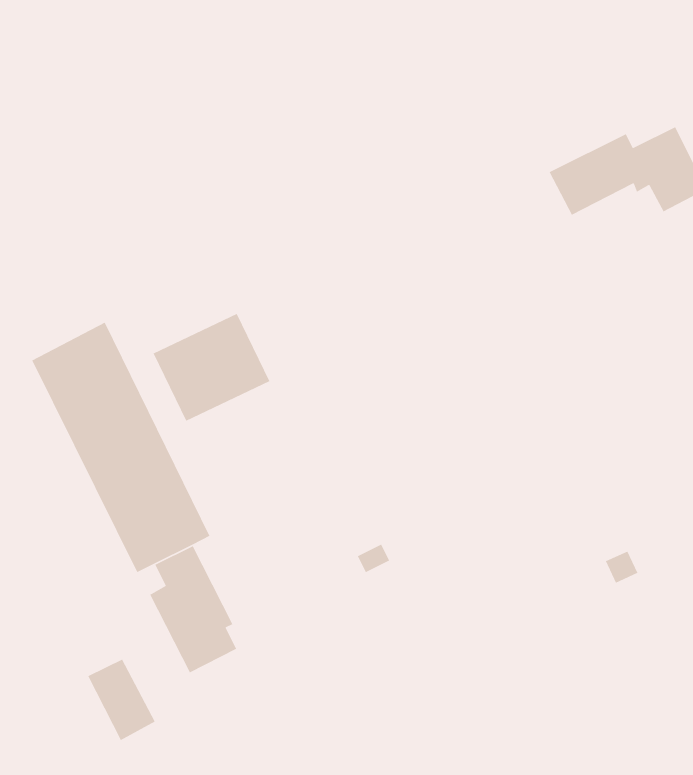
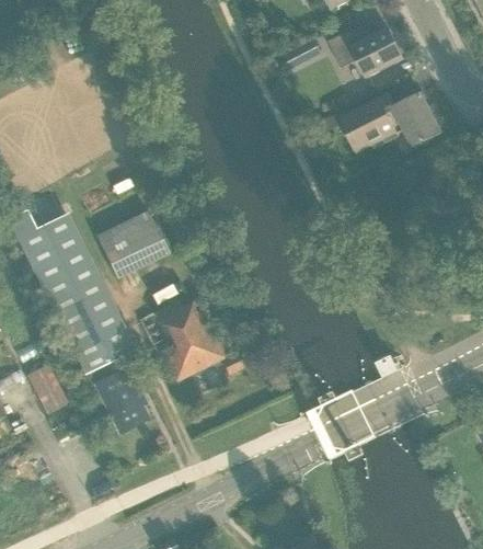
building: none -> [331,22,404,77]
building: none -> [142,296,227,380]
building: [87,658,156,741] -> [27,362,70,413]

